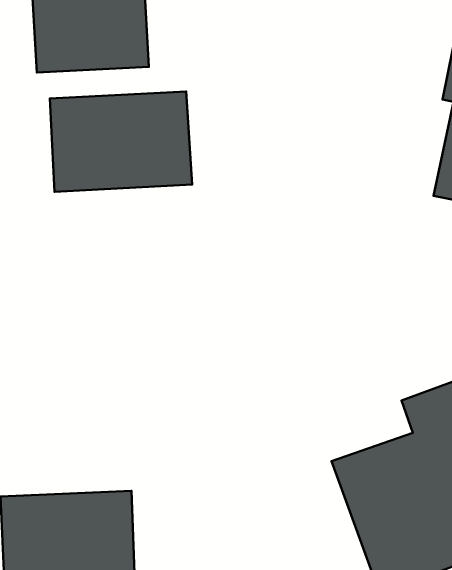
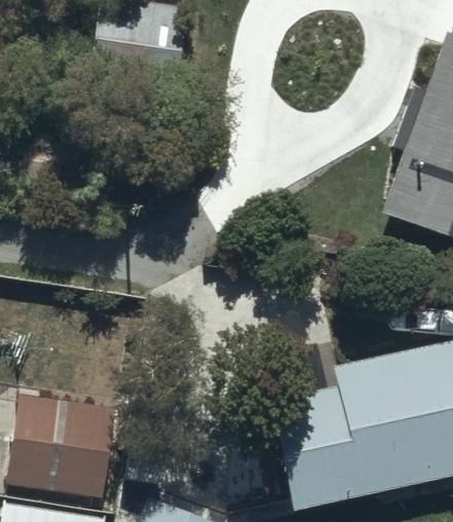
building: [50,91,192,192] -> none

